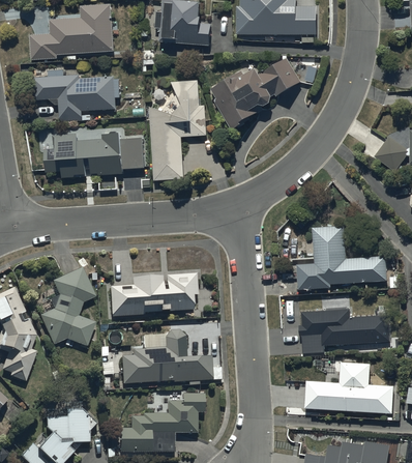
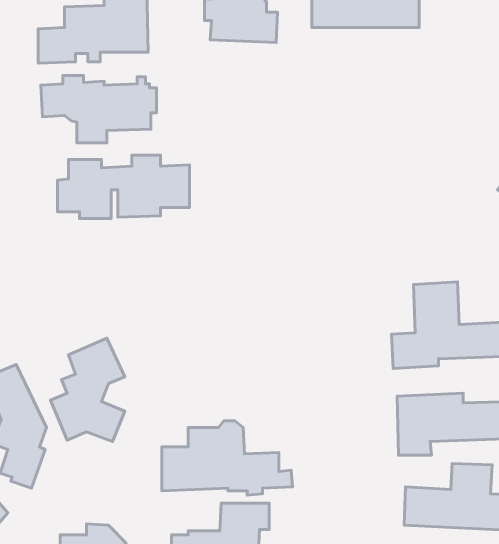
building: [211,58,300,129] -> none
building: [149,80,207,179] -> none
building: [110,271,198,317] -> none

